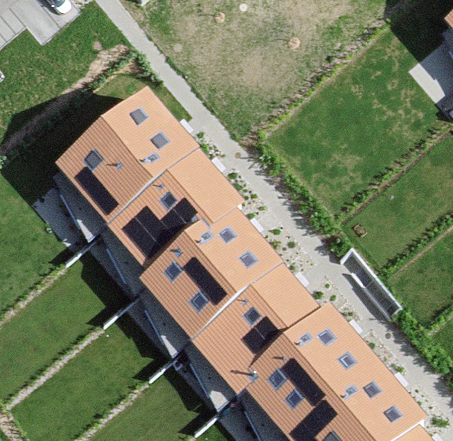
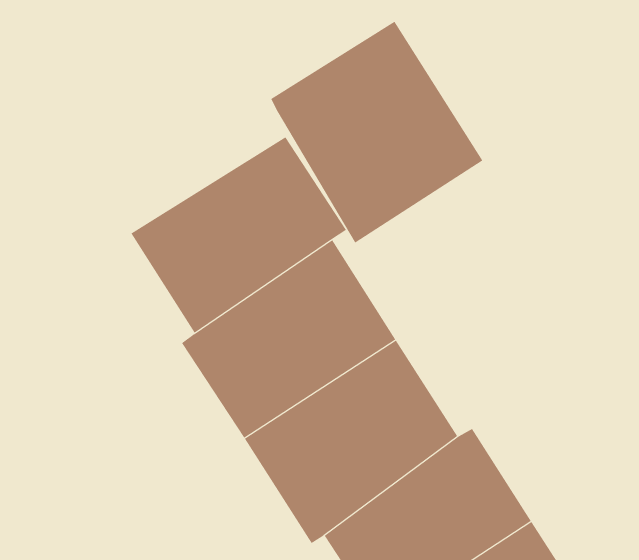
building: none -> [271,21,483,244]
building: [60,92,190,217] -> none

